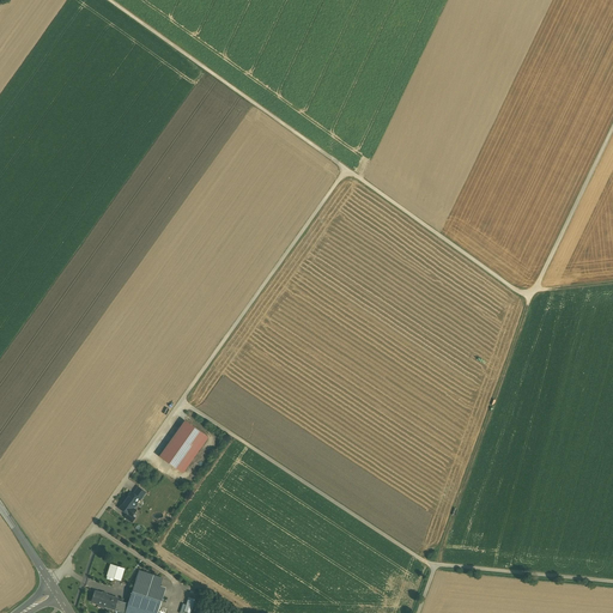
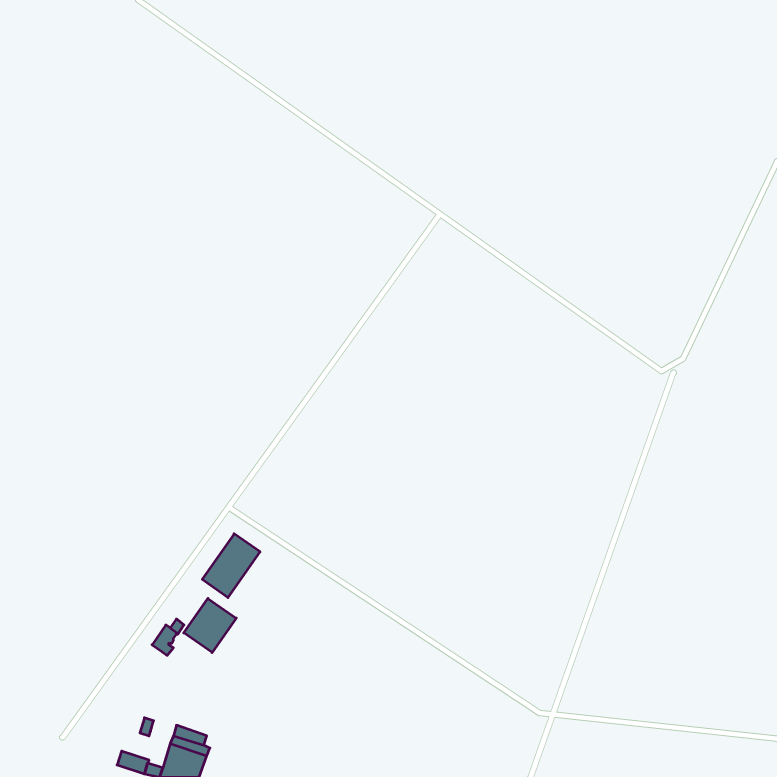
building: none -> [184,598,236,653]

